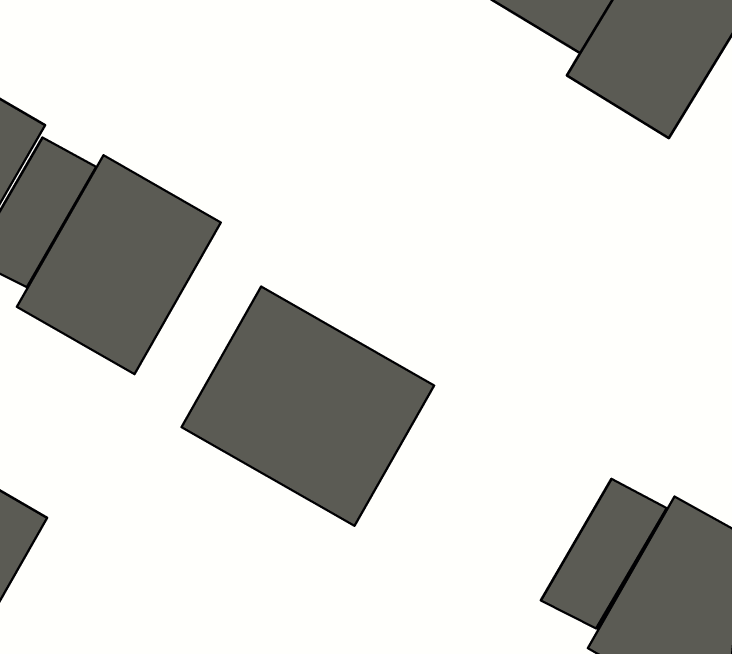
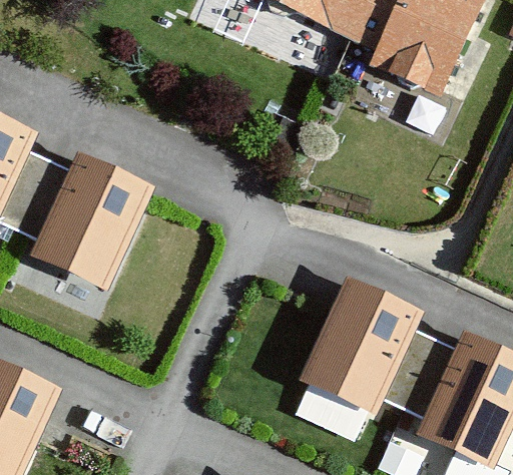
building: [181,287,434,526] -> none
building: none -> [297,275,421,411]

